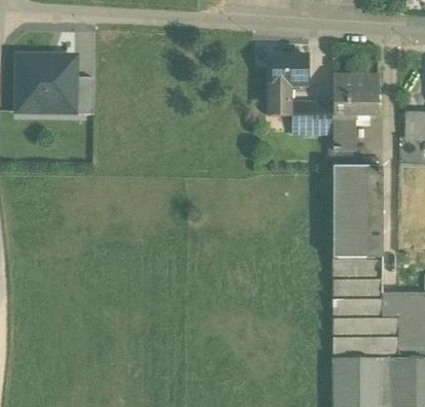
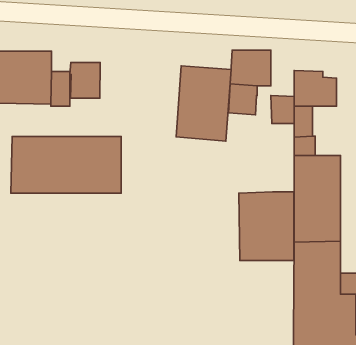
building: none -> [70,62,100,98]
building: none -> [176,66,231,141]
building: none -> [11,136,121,193]
building: none -> [239,192,294,261]

